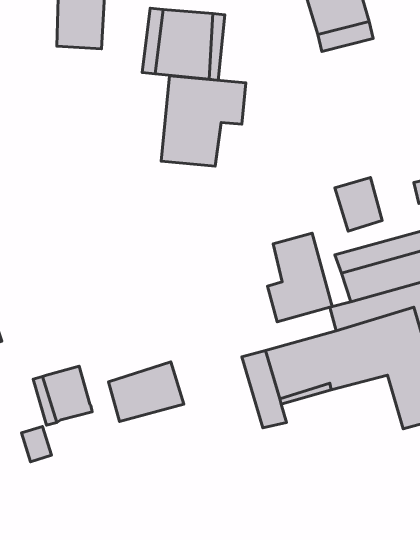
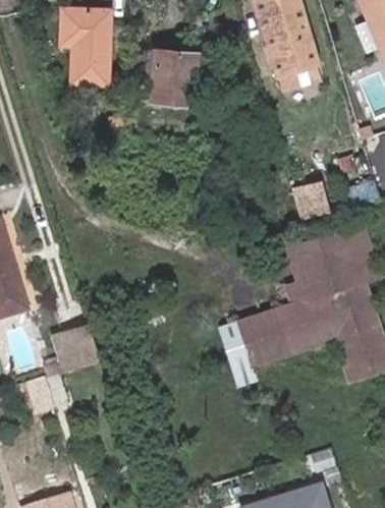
building: [161,76,246,166] -> none
building: [267,233,332,322] -> none
building: [109,362,184,421] -> none

